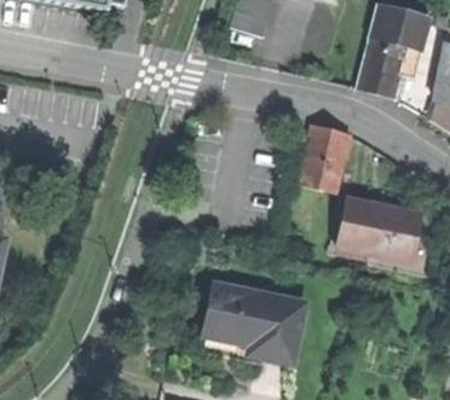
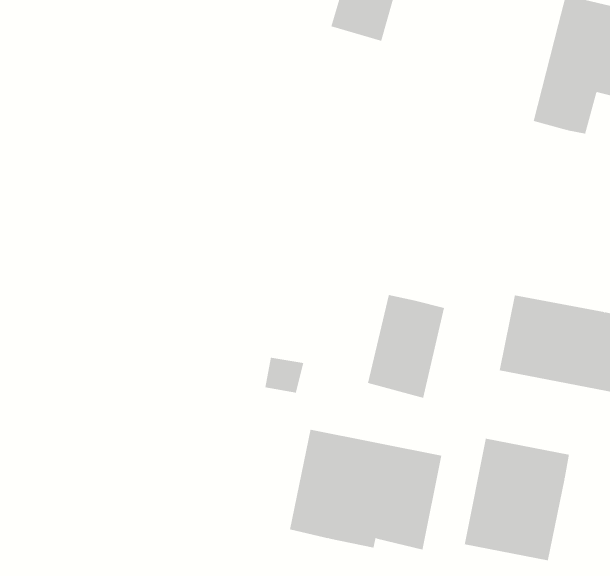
building: [300,126,350,192] -> [367,294,445,398]
building: none -> [464,438,569,561]

